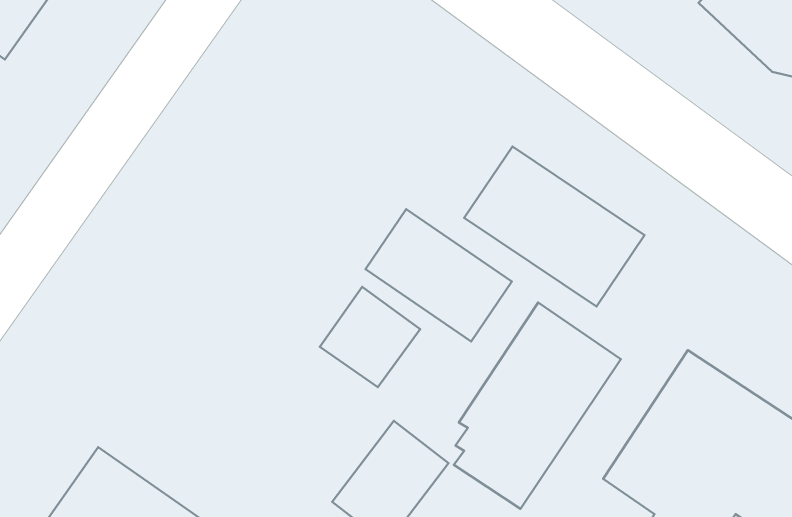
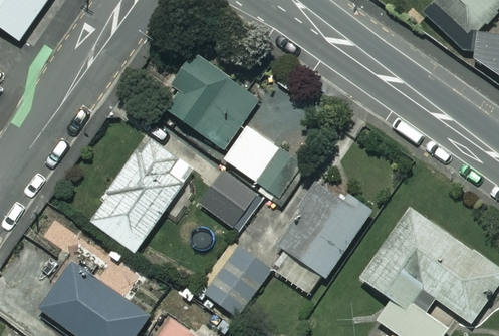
building: none -> [164,51,259,150]
building: [464,146,645,306] -> none
building: none -> [90,139,192,252]

